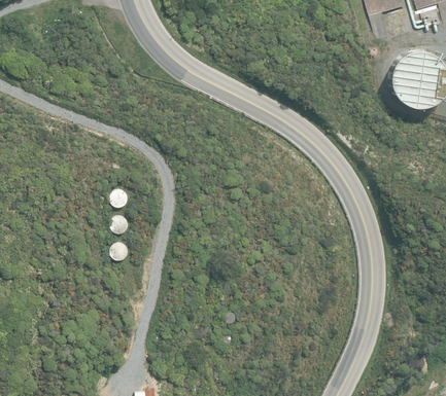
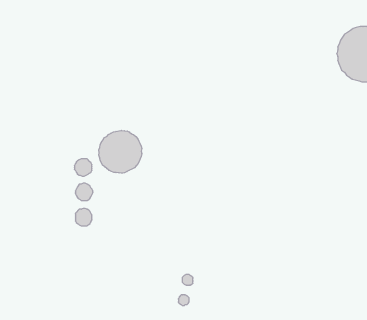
building: none -> [99,130,142,173]

